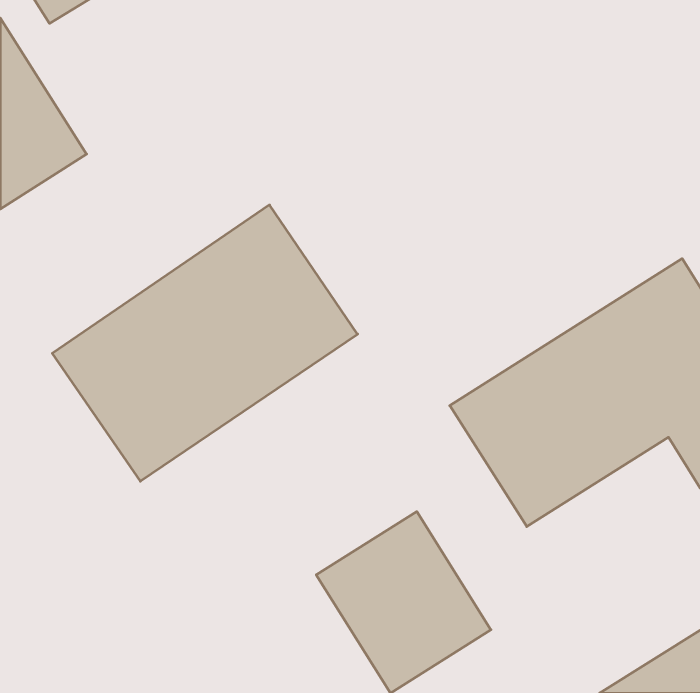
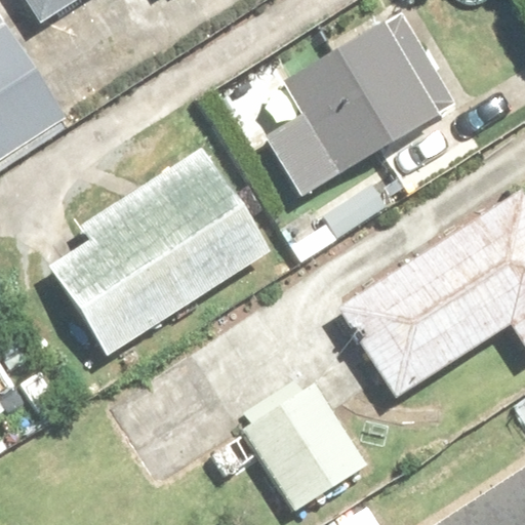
building: none -> [255,9,461,193]

